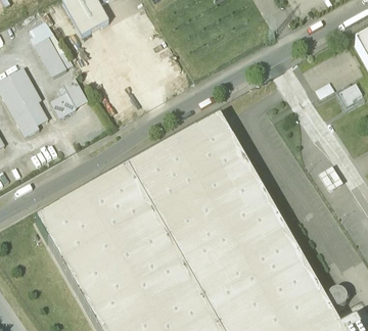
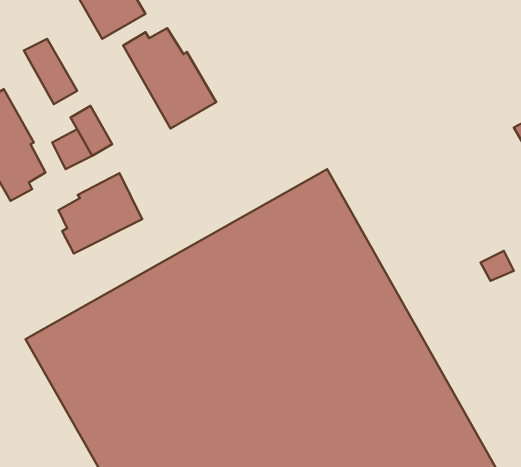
building: none -> [123,28,216,129]
building: none -> [58,173,142,253]

